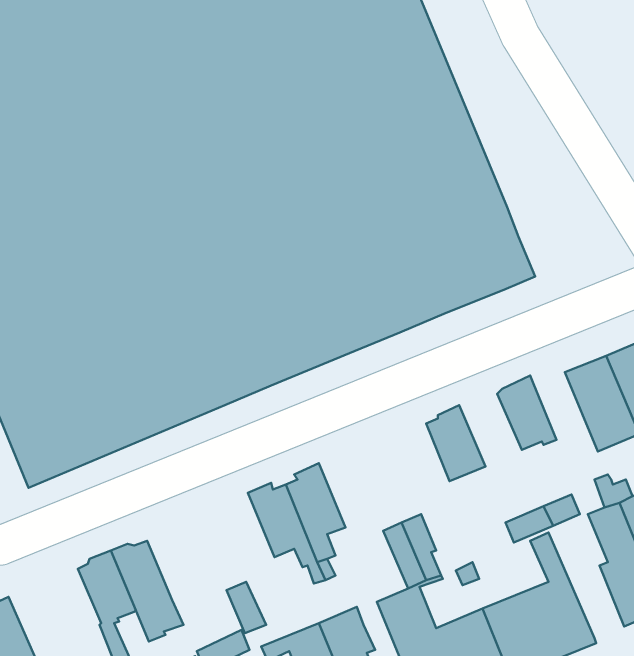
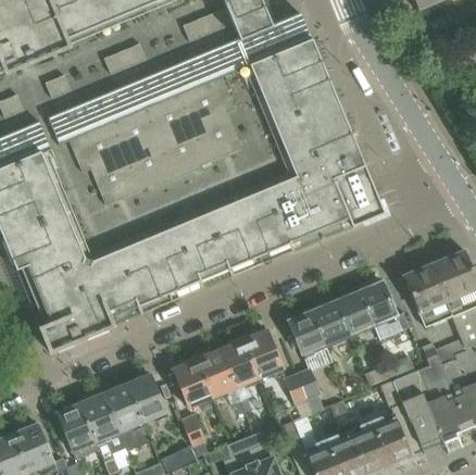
building: none -> [334,289,375,337]
building: none -> [287,308,327,358]
building: none -> [241,328,285,378]
building: none -> [173,354,212,407]
building: none -> [392,368,442,450]
building: none -> [128,374,170,425]
building: none -> [59,404,98,454]

